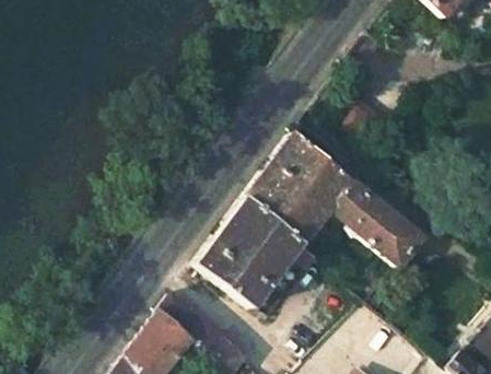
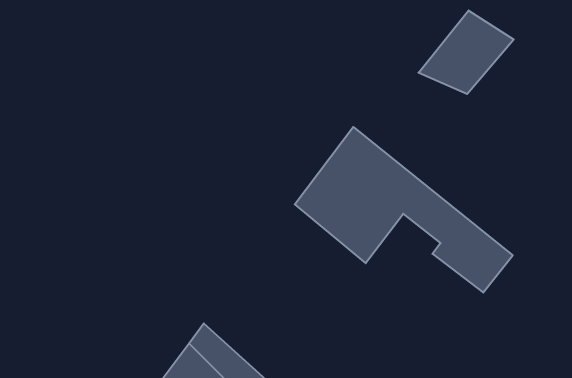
building: none -> [418,10,514,94]
building: [195,197,315,307] -> none

